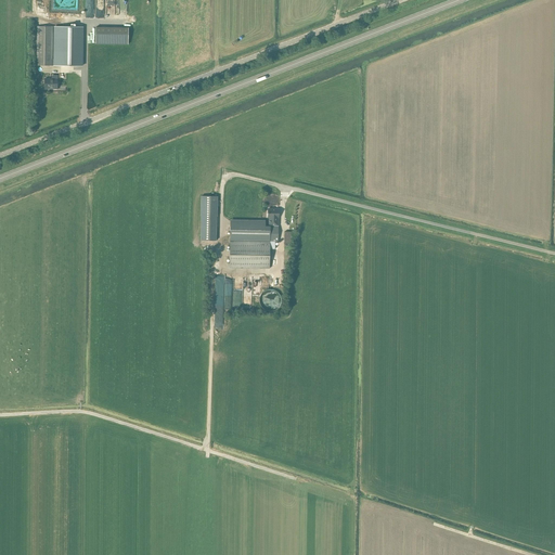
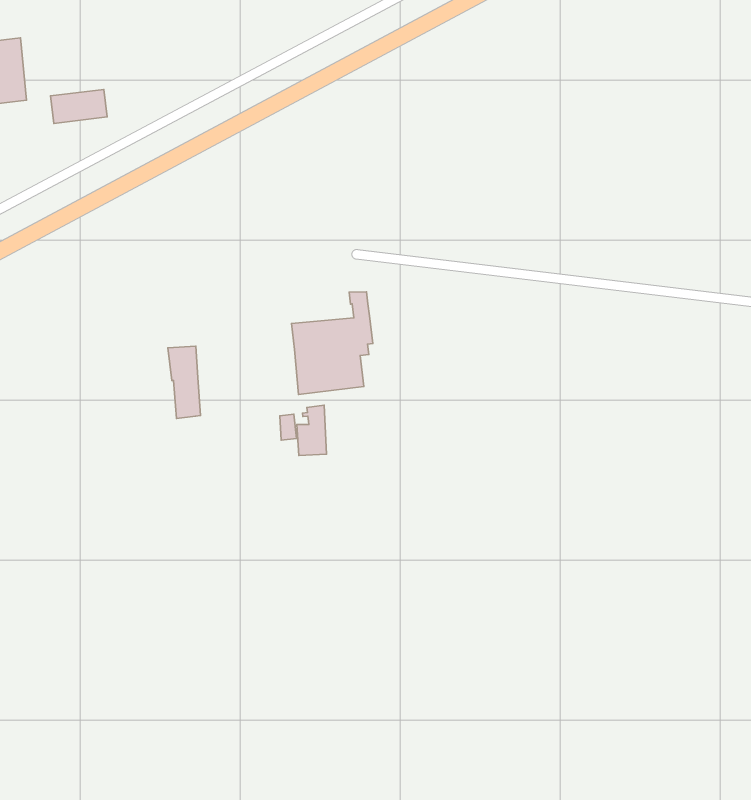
building: [96,25,130,42] -> [50,89,107,123]
building: [201,194,218,238] -> [168,346,201,419]

